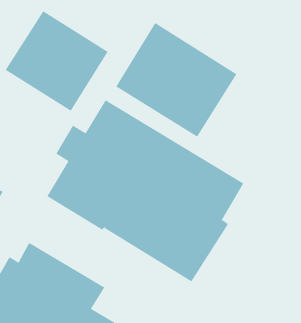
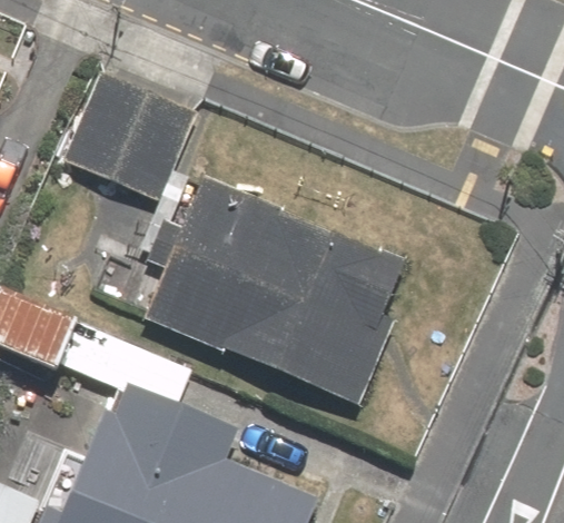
building: [116,22,237,138] -> none

